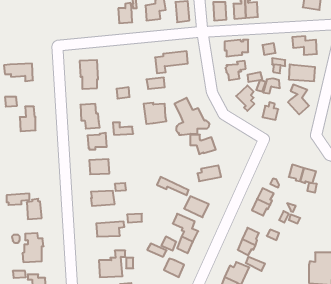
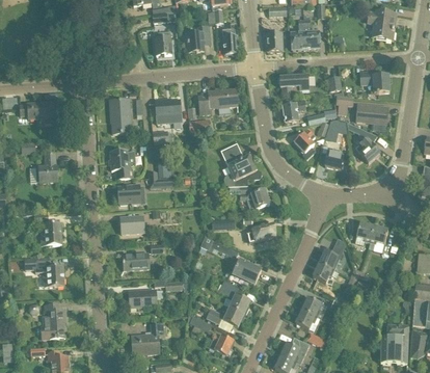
building: [144,103,166,124] -> [154,96,181,121]
building: none -> [43,218,61,244]

